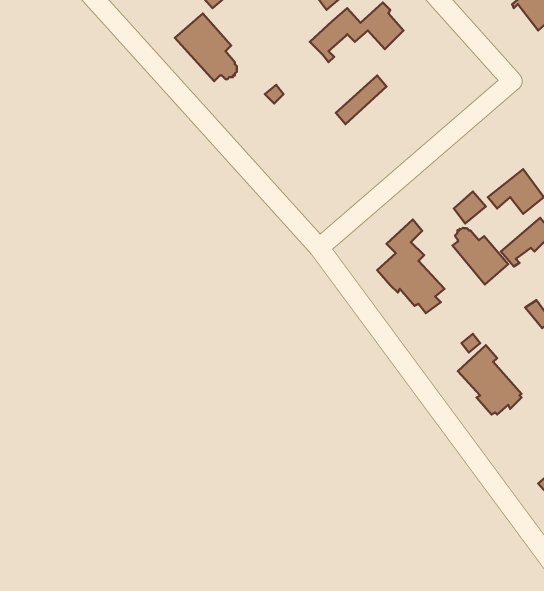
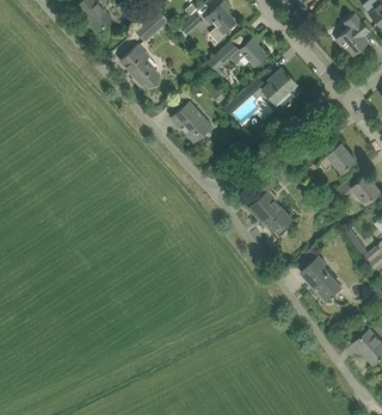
building: none -> [263,68,297,112]
building: none -> [172,100,211,142]
building: [452,228,508,285] -> none

